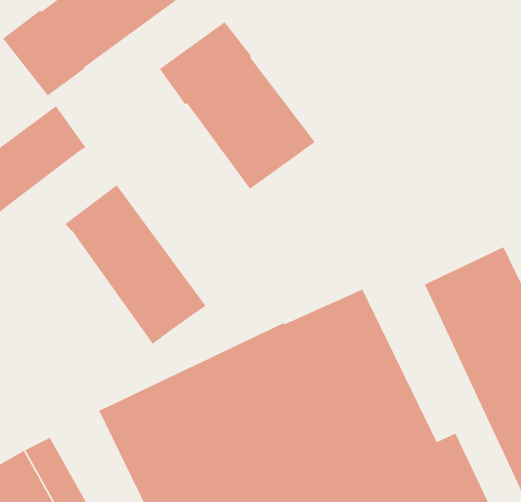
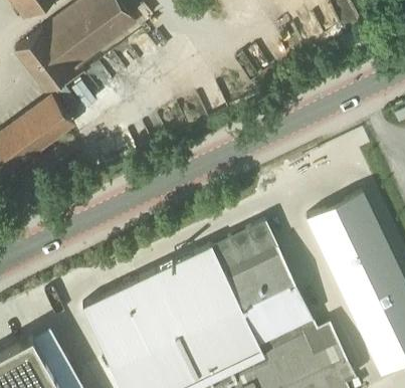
building: [159,21,316,190] -> none
building: [64,184,207,345] -> none

